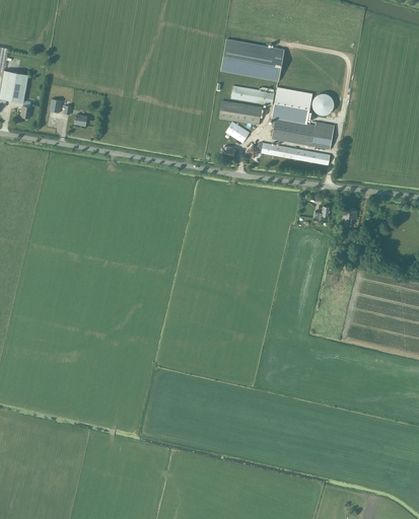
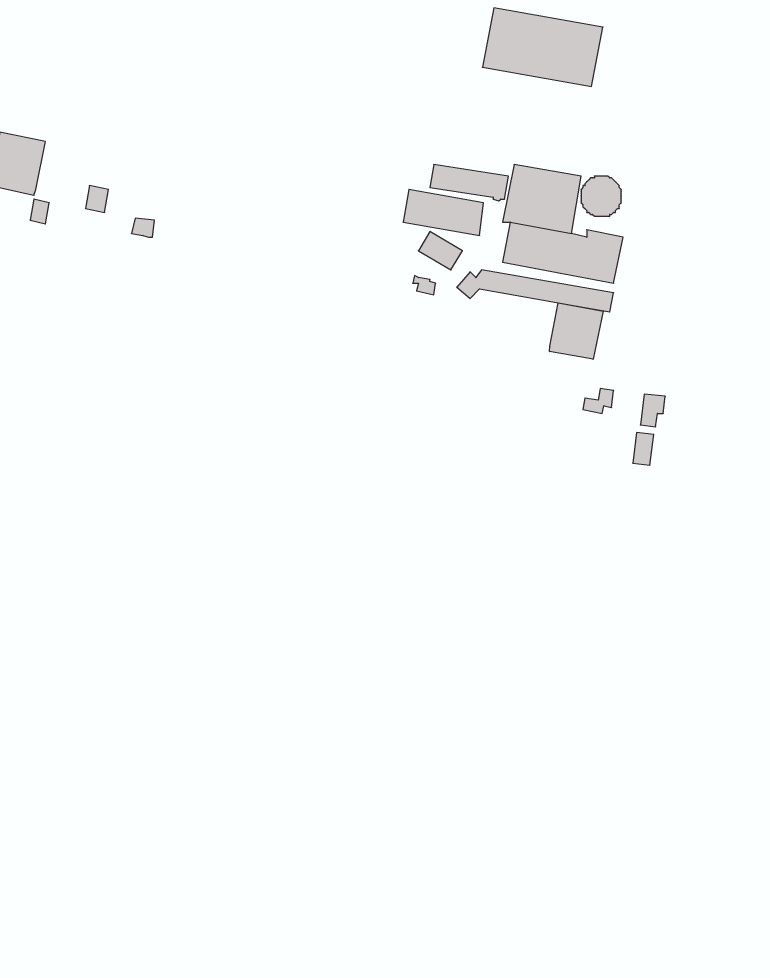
building: [220,40,284,81] -> [482,8,603,86]
building: none -> [550,303,603,359]

